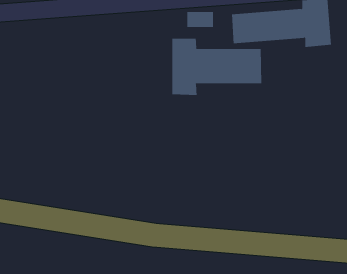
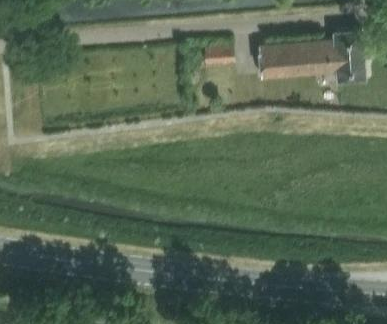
building: [172,38,262,96] -> none

